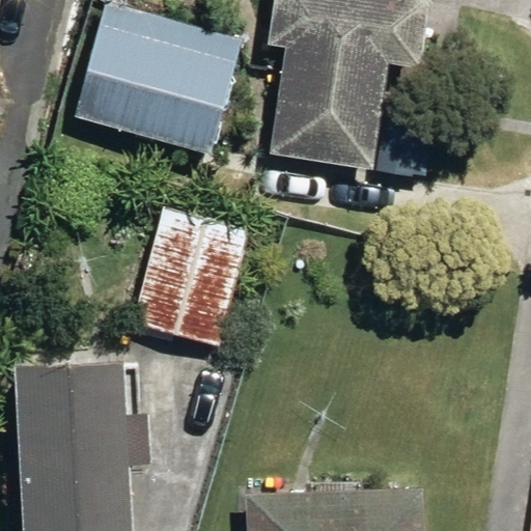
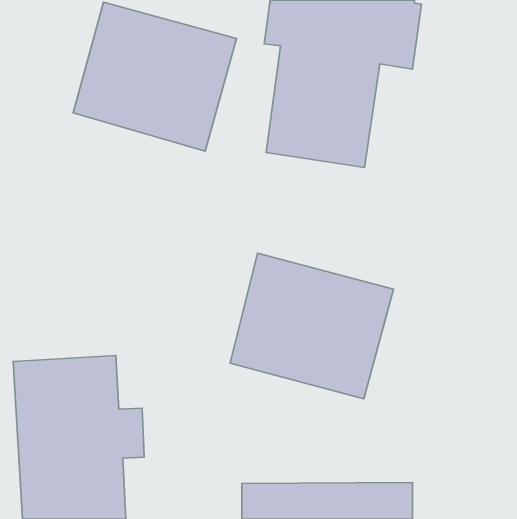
building: [131,205,250,350] -> none
building: none -> [230,253,394,399]

